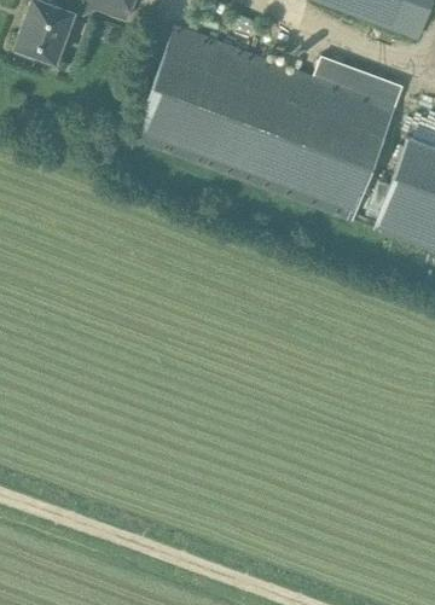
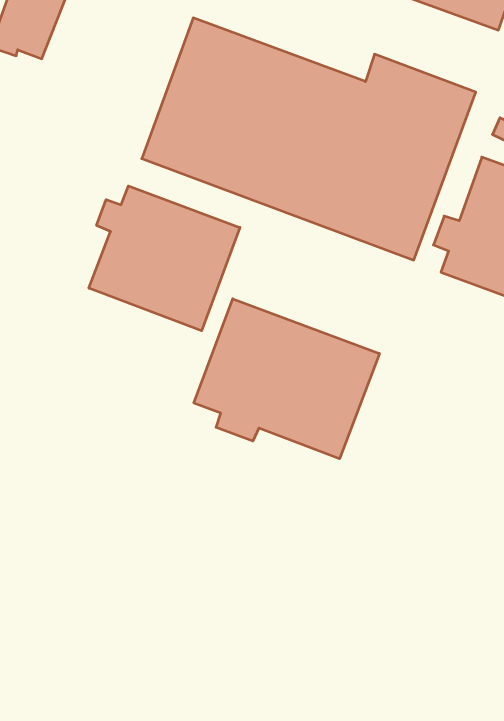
building: none -> [89,186,240,331]
building: none -> [194,299,379,459]

